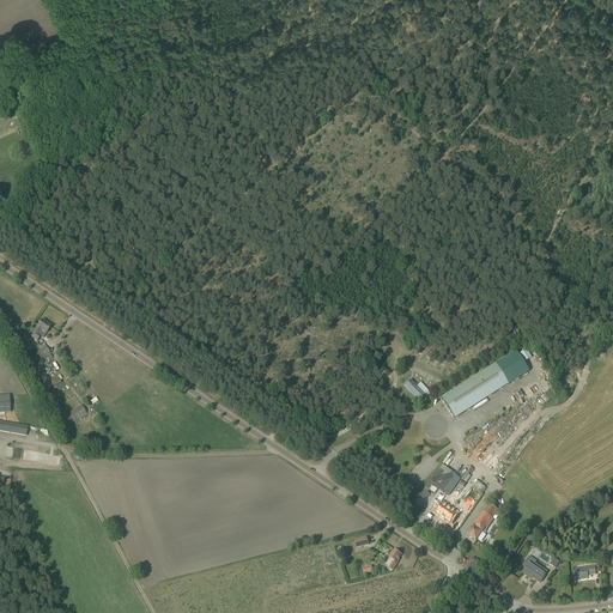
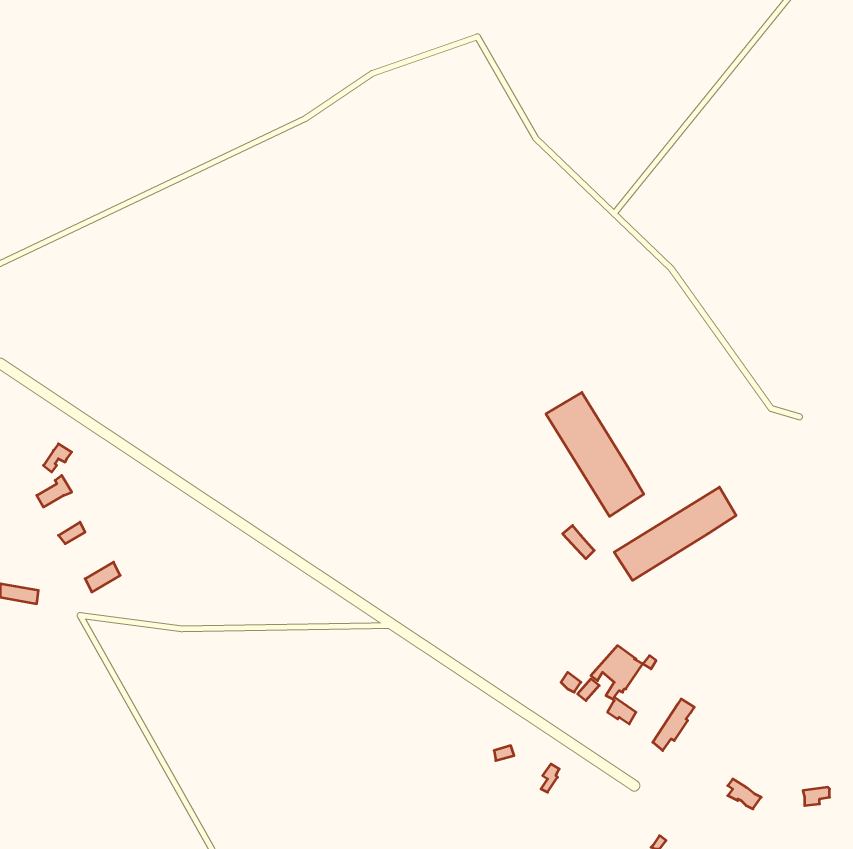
building: none -> [546,392,644,516]

